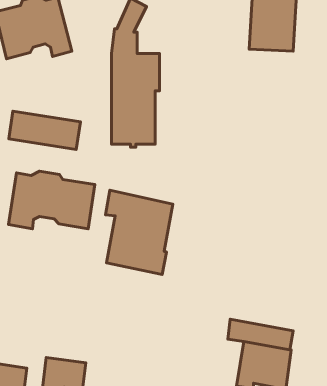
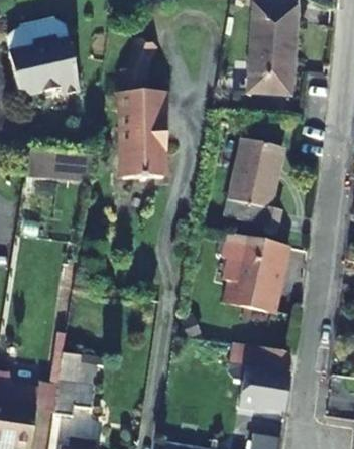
building: none -> [226,139,283,228]
building: [8,171,95,229] -> none
building: [105,190,173,275] -> [222,233,285,312]
building: none -> [58,353,100,386]

